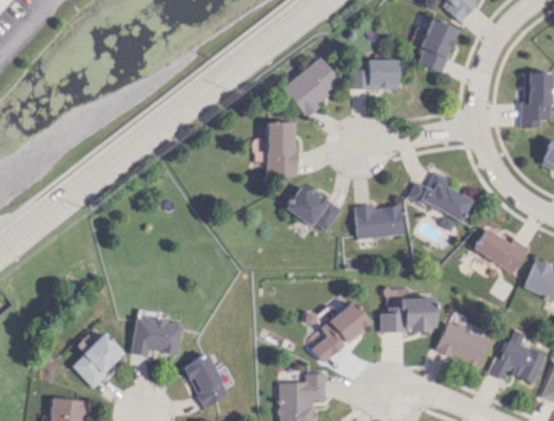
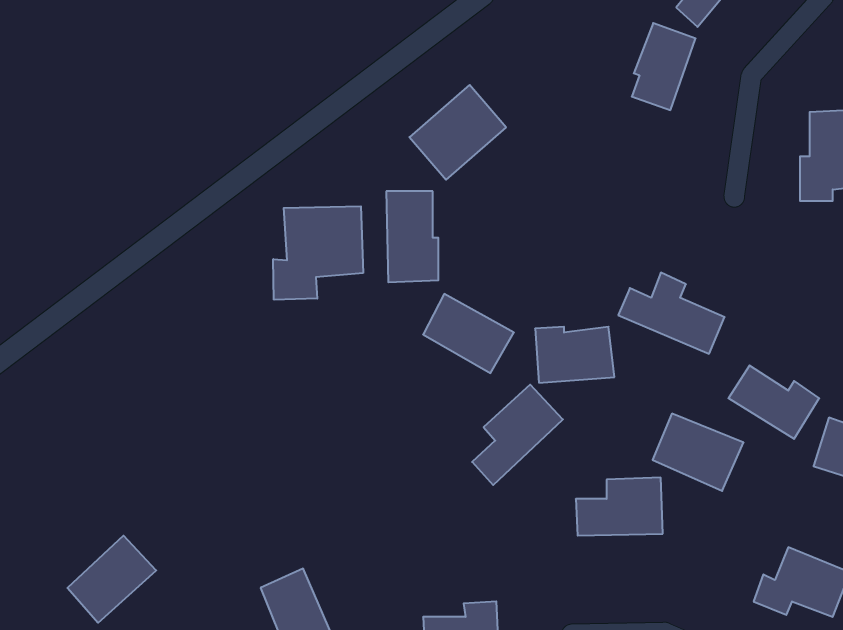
building: [348,59,393,90] -> none
building: none -> [273,206,363,300]
building: [316,301,371,363] -> [472,385,563,485]
building: [129,315,183,356] -> none
building: [435,320,491,368] -> [653,414,744,491]

